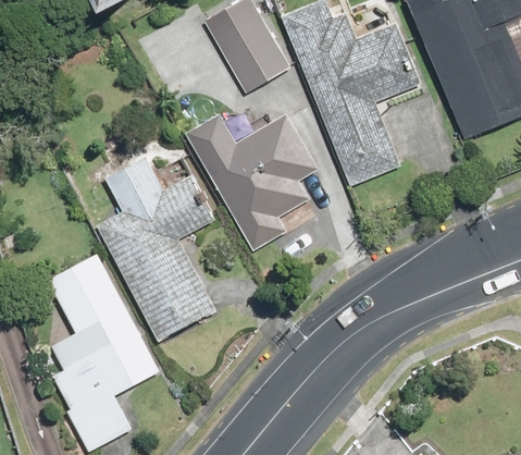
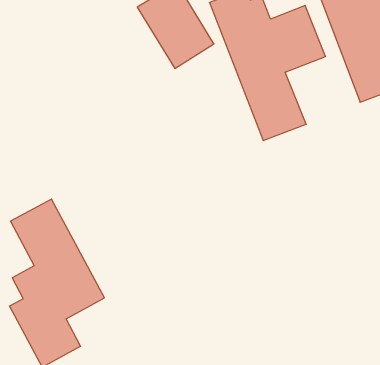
building: [185,113,319,250] -> none
building: [97,155,218,339] -> none

